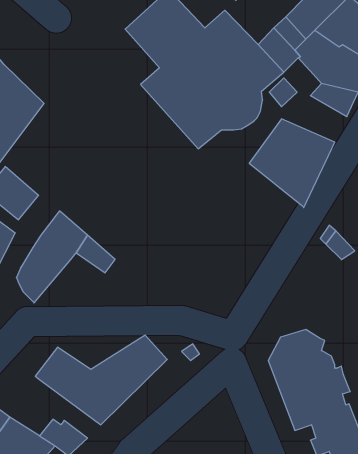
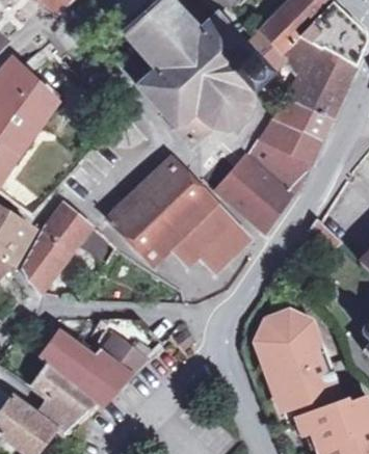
building: none -> [272,91,334,139]
building: none -> [111,159,249,272]
building: none -> [219,159,291,228]
building: none -> [32,363,103,417]

